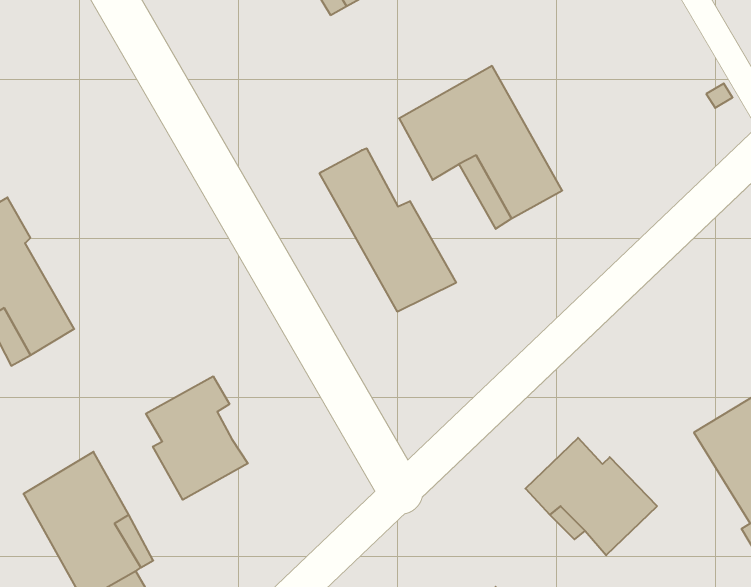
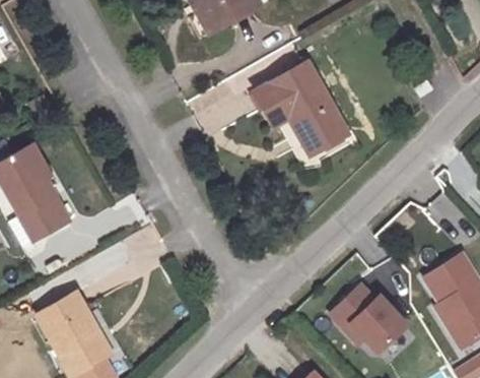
building: [320,148,456,312] -> none
building: [146,376,248,500] -> none

